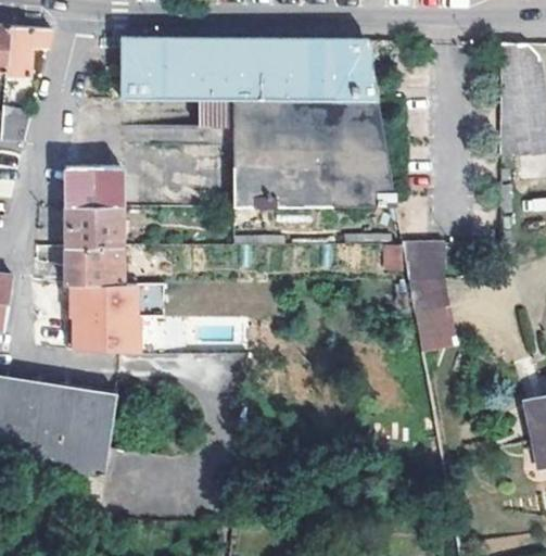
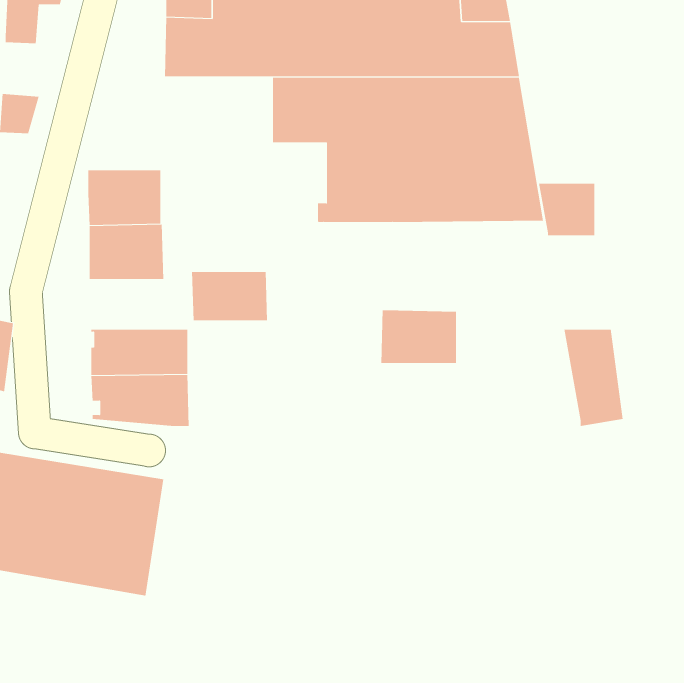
building: [403,243,444,281] -> [538,183,595,236]
building: [66,245,122,281] -> [191,271,268,321]
building: none -> [381,310,456,364]

